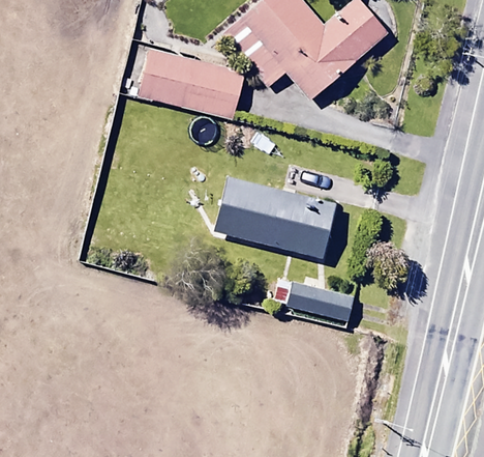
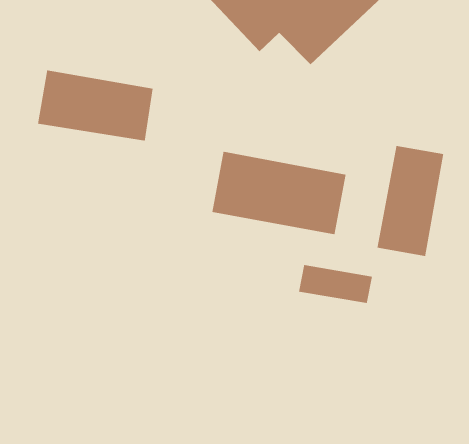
building: [140,51,245,120] -> [37,70,154,141]
building: none -> [377,145,444,257]

